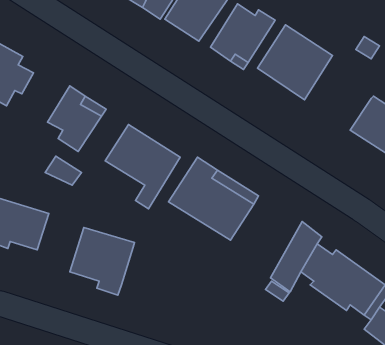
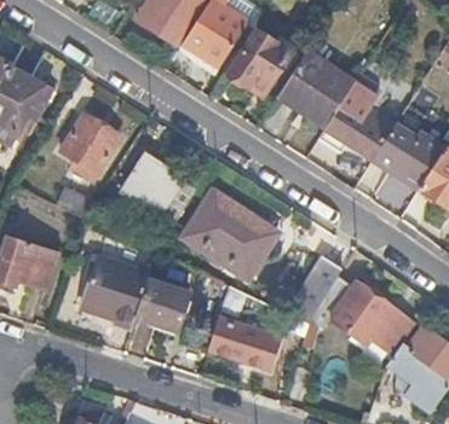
building: none -> [318,82,395,163]
building: none -> [137,280,190,331]
building: none -> [211,321,280,368]

